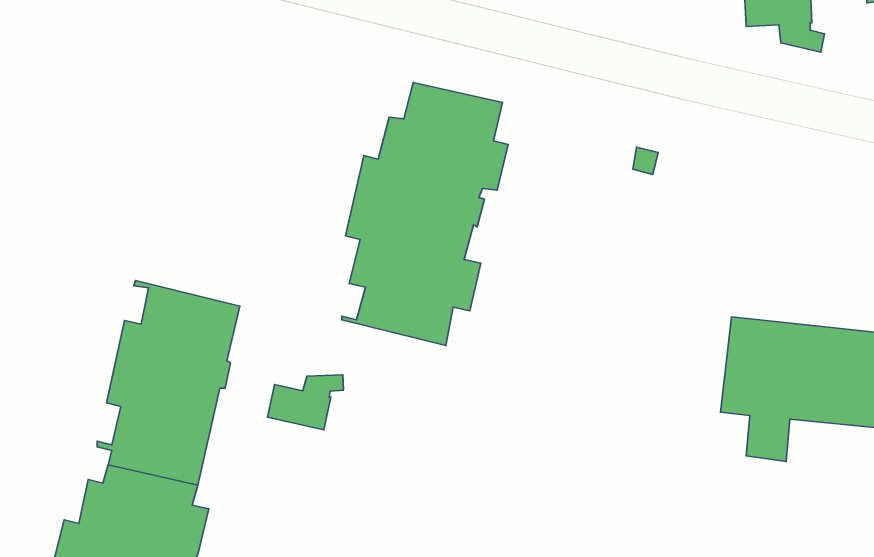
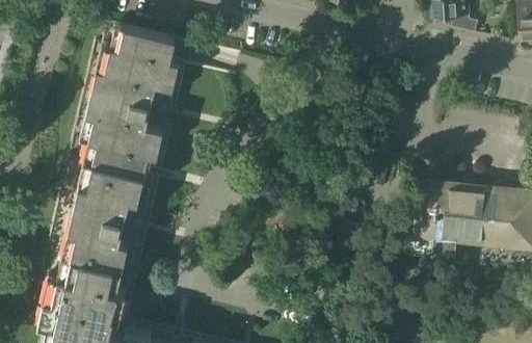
building: [342,82,508,345] -> [85,27,180,177]
building: [267,375,343,430] -> none

